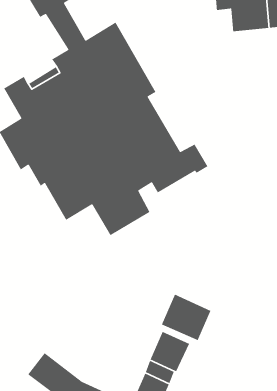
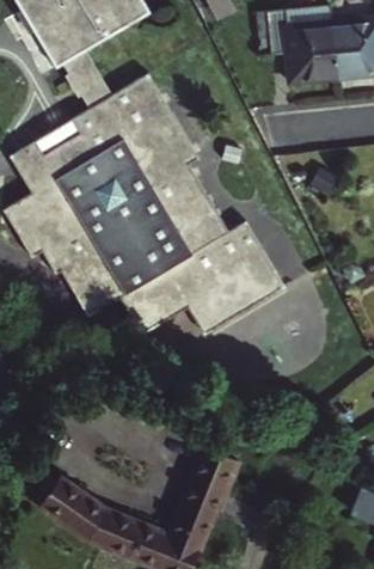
building: none -> [177,247,284,331]
building: [161,294,211,341] -> none

